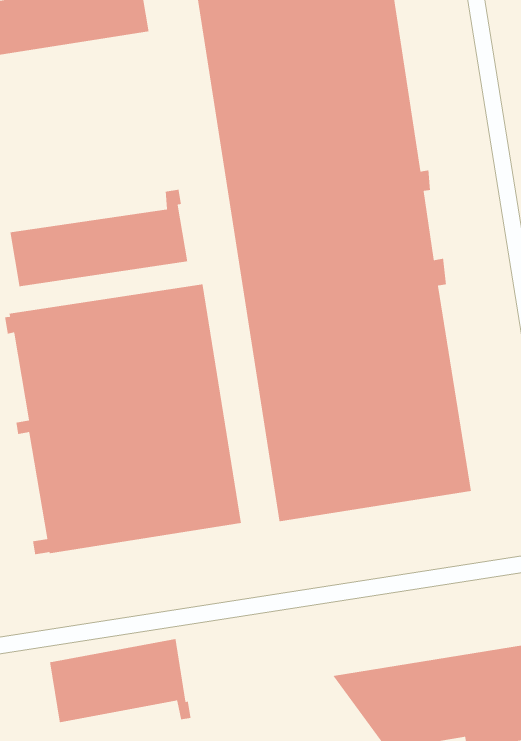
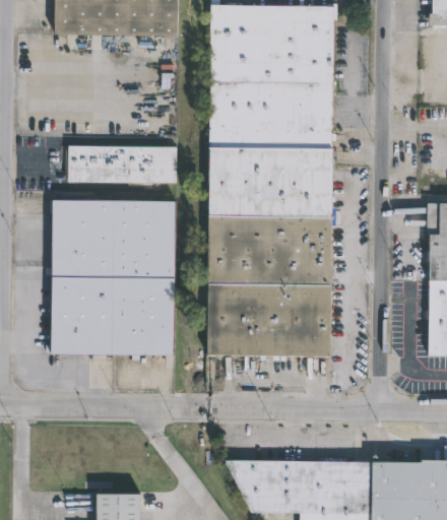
building: [49,638,191,723] -> none

